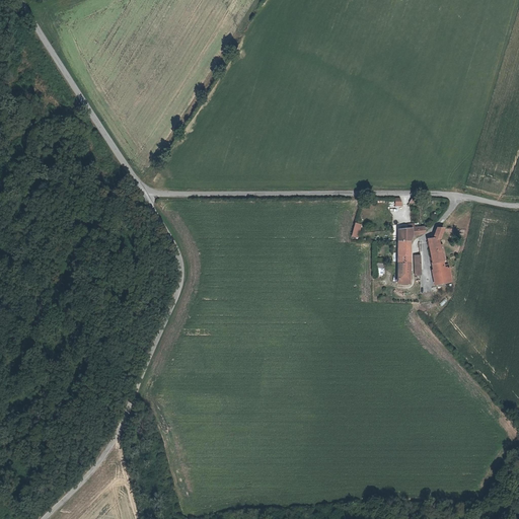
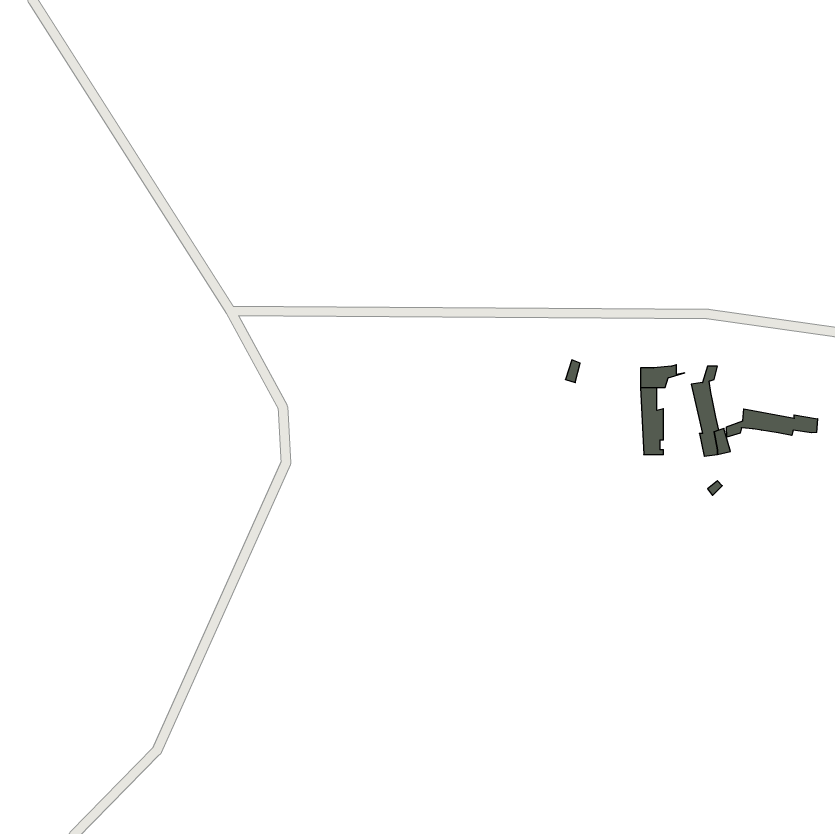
building: none -> [726,409,818,437]

